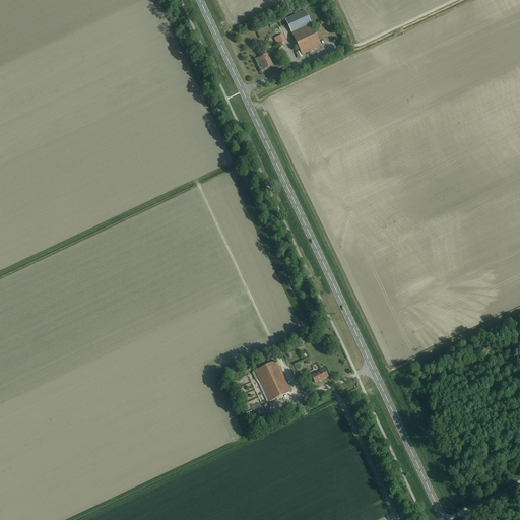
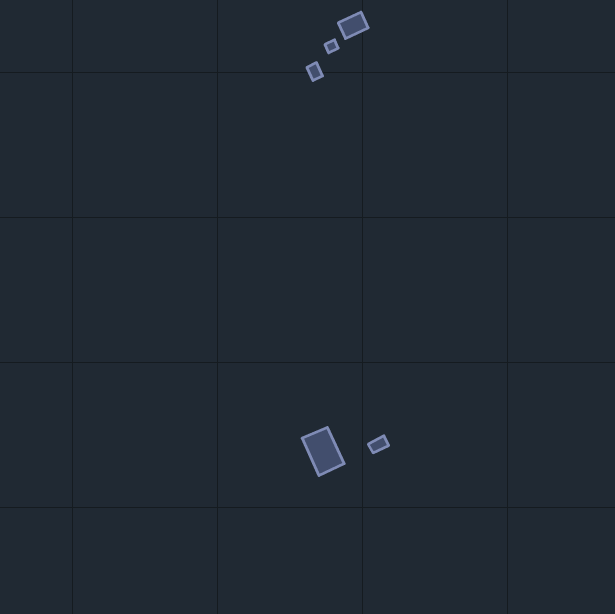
building: [291,23,321,54] -> none

